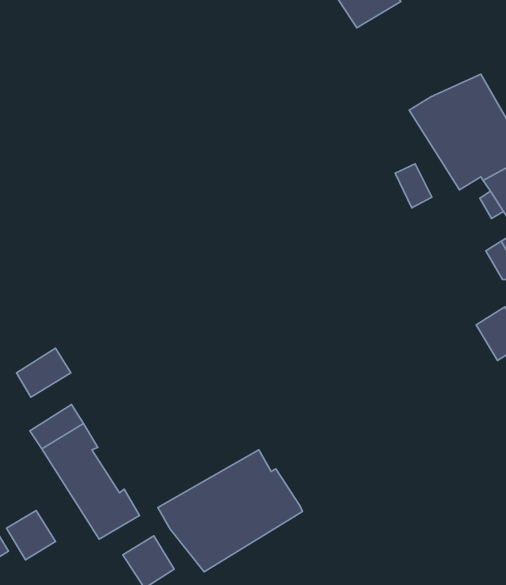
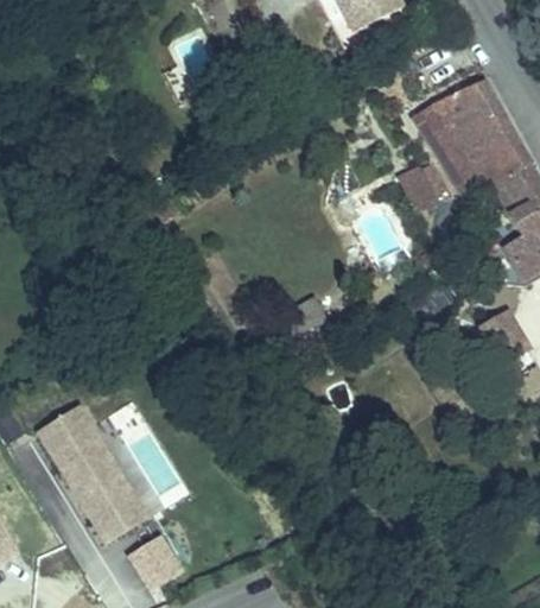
building: [16,348,71,397] -> none
building: [158,450,302,572] -> none
building: [7,511,55,560] -> none

